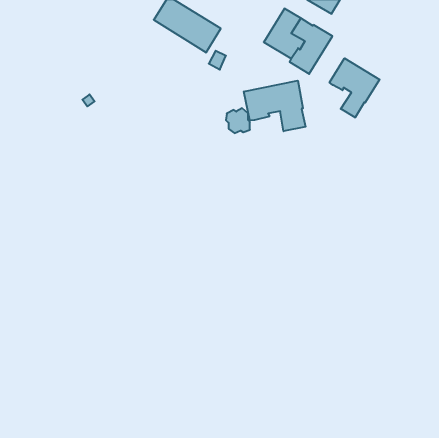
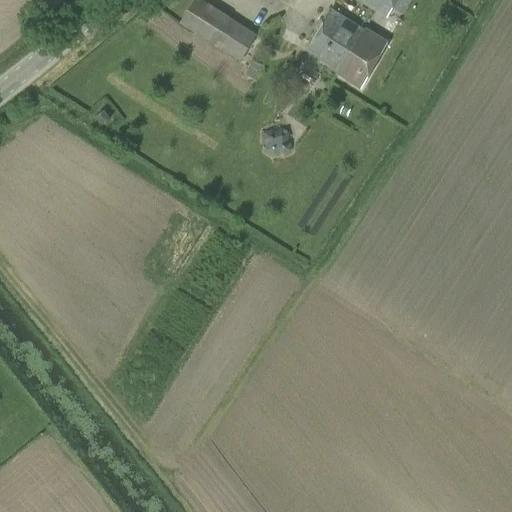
building: [330,58,380,118] -> none
building: [244,81,306,131] -> none

